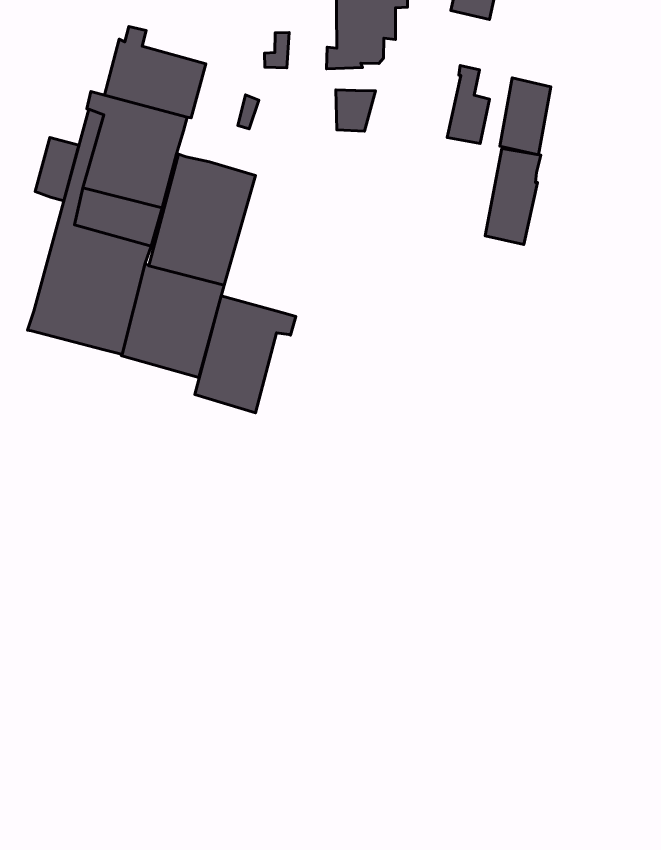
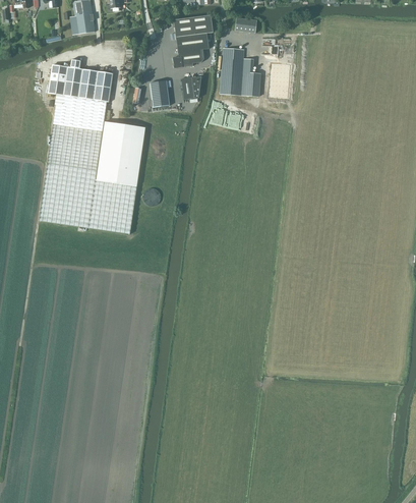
building: none -> [150,79,170,106]
building: [35,138,79,201] -> [48,63,67,95]
building: [485,148,541,245] -> [221,47,244,95]
building: [195,296,296,413] -> none

